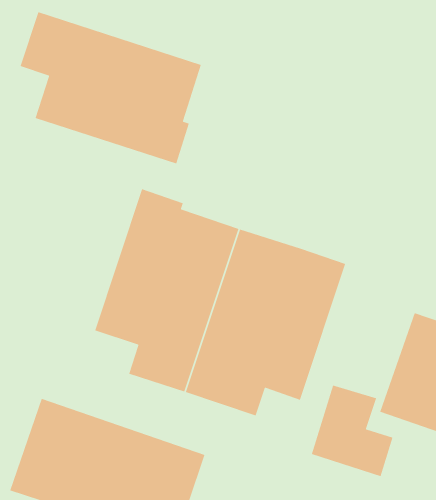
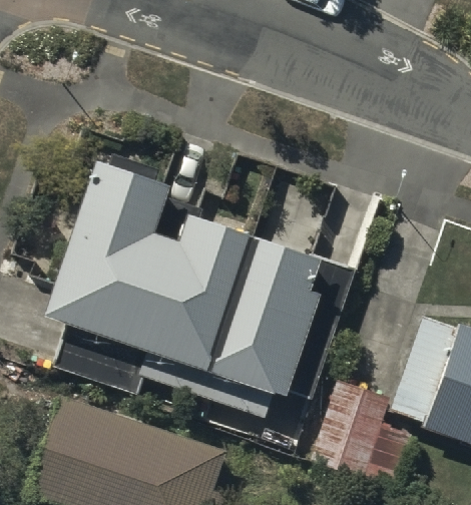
building: [20,11,202,165] -> none
building: none -> [52,165,159,393]

